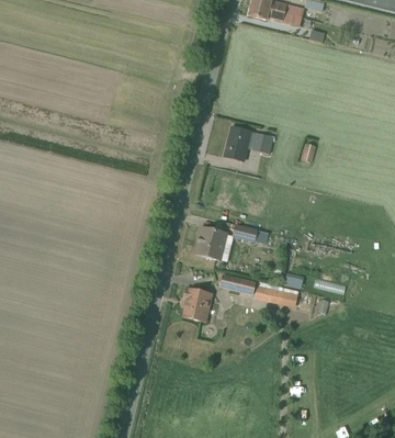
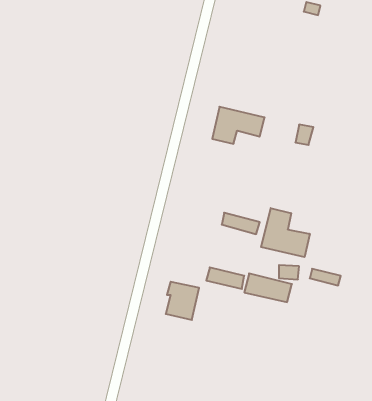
building: none -> [261,208,310,257]
building: [194,226,232,261] -> none

